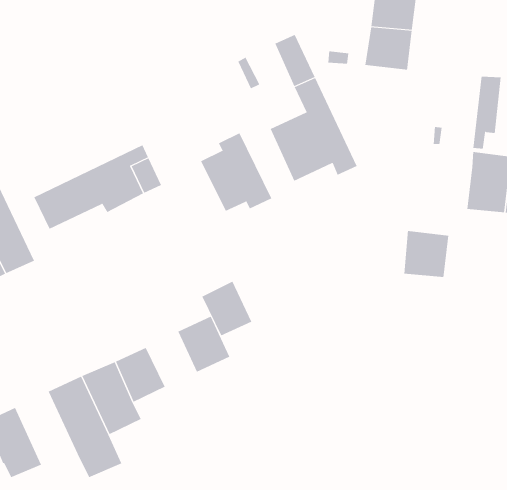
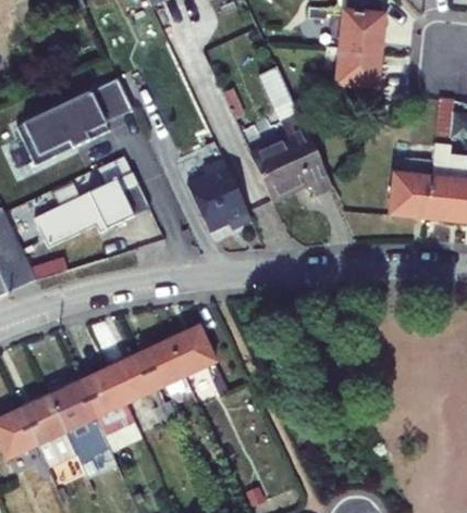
building: none -> [19,74,135,163]
building: [403,231,449,277] -> [391,184,432,226]
building: [202,281,252,336] -> [137,337,183,387]
building: none -> [19,391,76,466]

